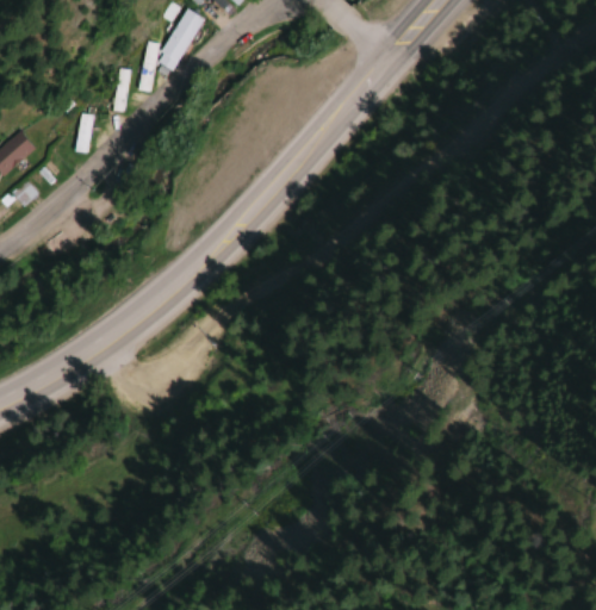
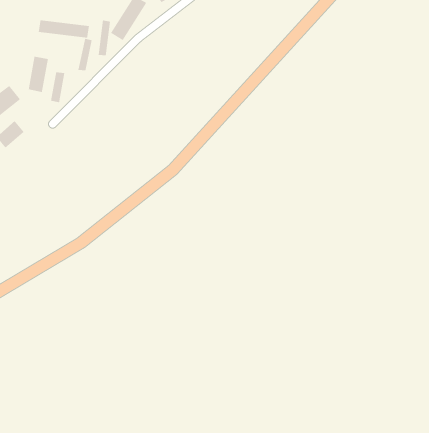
building: none -> [38,19,89,39]
building: none -> [28,56,48,93]

